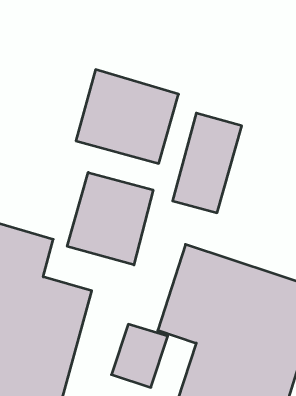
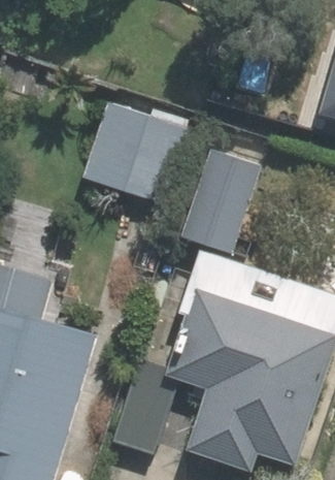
building: [67,172,153,265] -> none

